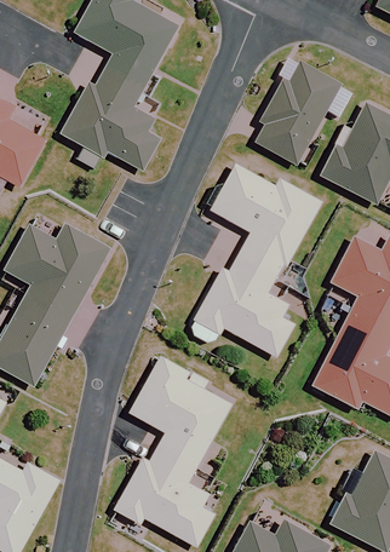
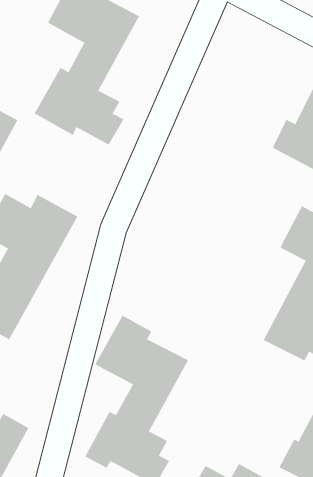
building: [254,59,342,165] -> none
building: [194,163,321,353] -> none

